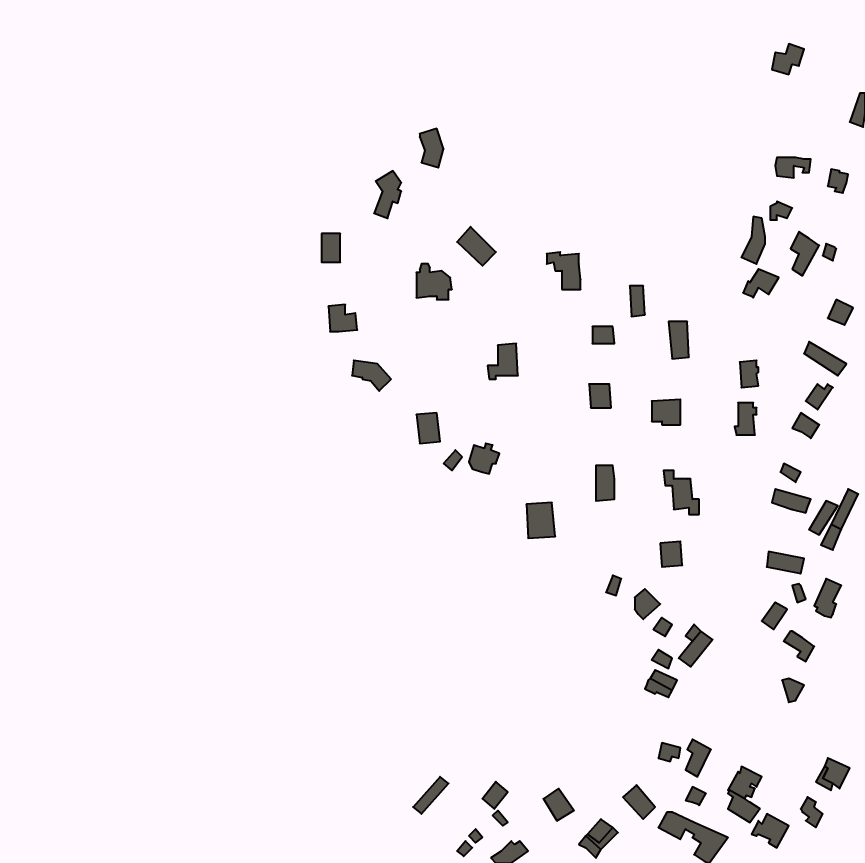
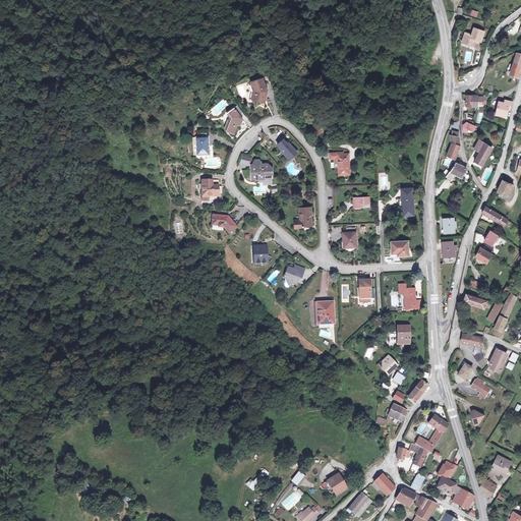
building: none -> [414,414,448,452]

